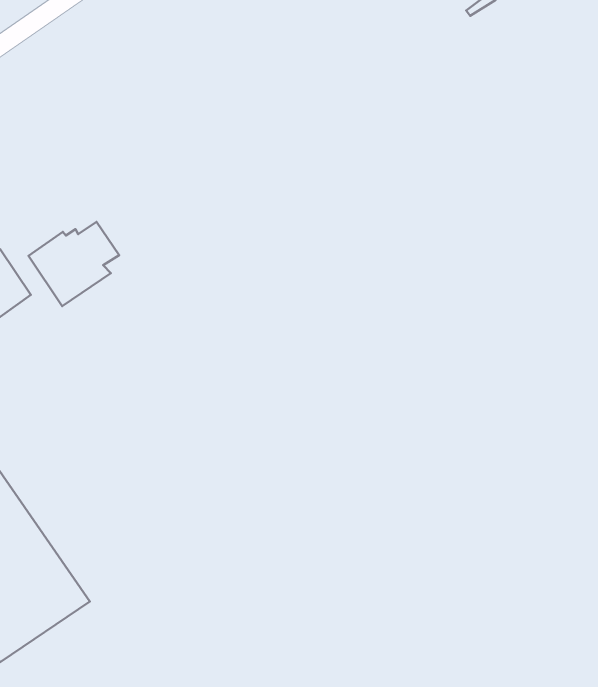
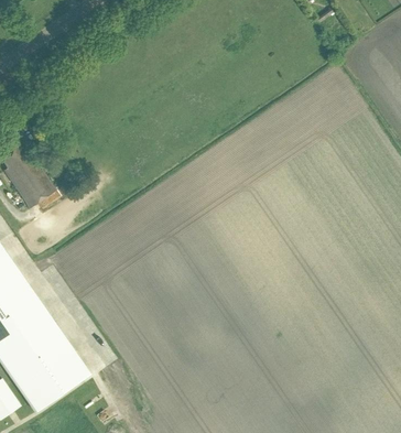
building: [28,222,119,306] -> none

